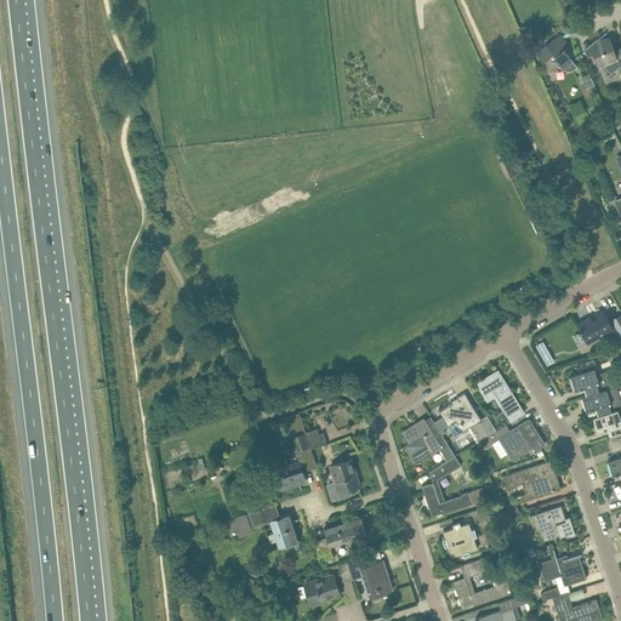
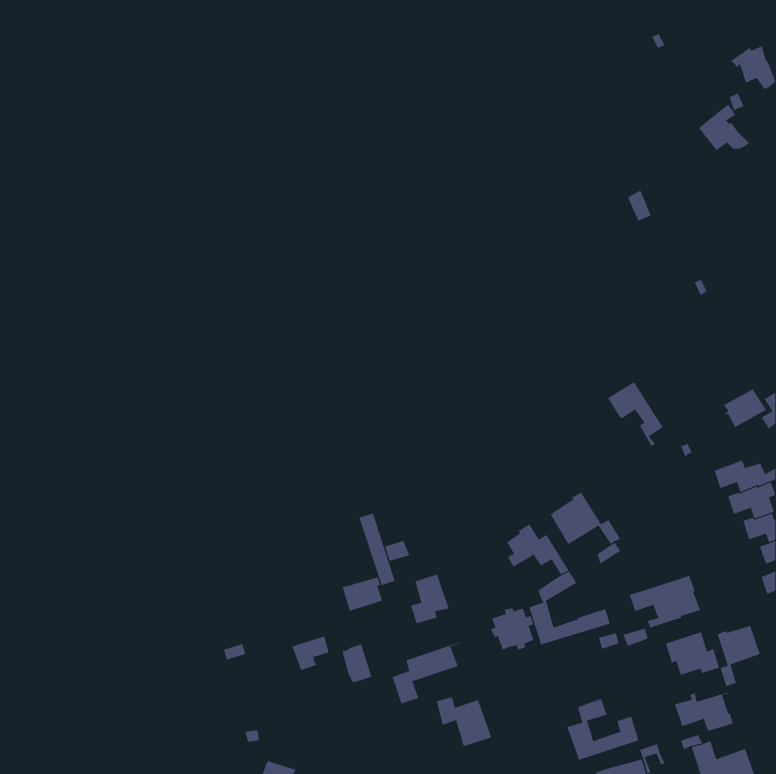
building: [536,35,577,73] -> [698,104,750,151]
building: [475,371,520,423] -> [607,382,663,447]
building: [498,422,545,460] -> none
building: none -> [717,625,761,687]
building: [441,524,477,558] -> [490,608,534,650]
building: [304,562,353,604] -> none

